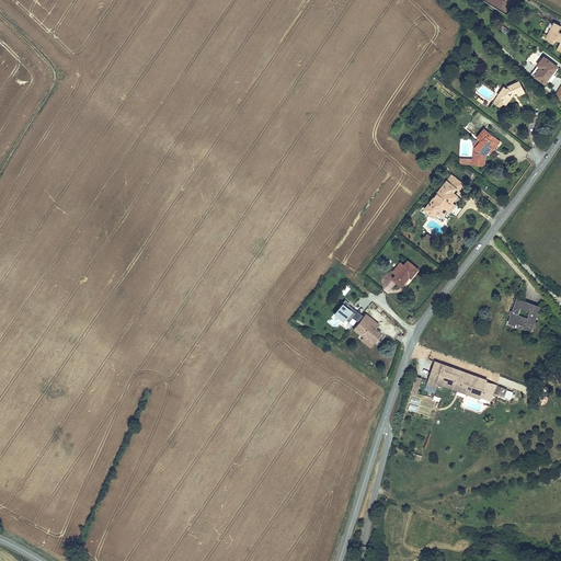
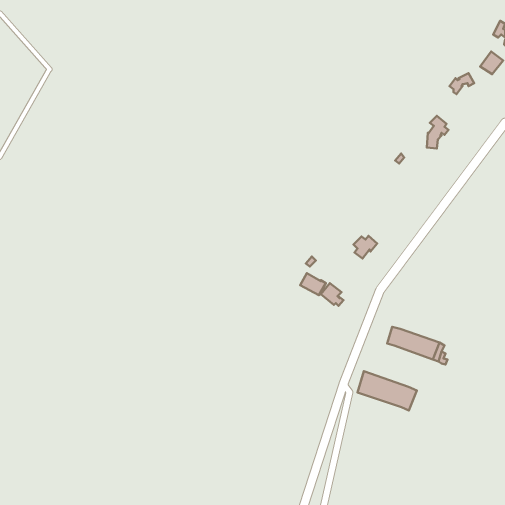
building: [425,175,462,217] -> none
building: [507,298,540,332] -> none
building: none -> [358,371,417,410]

